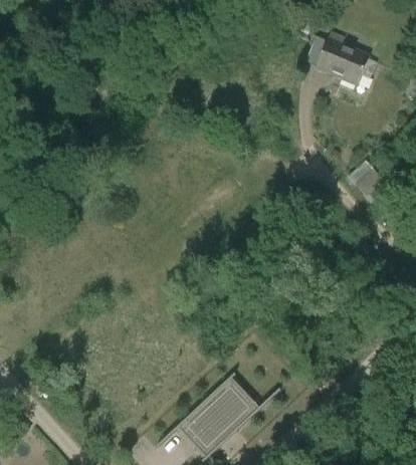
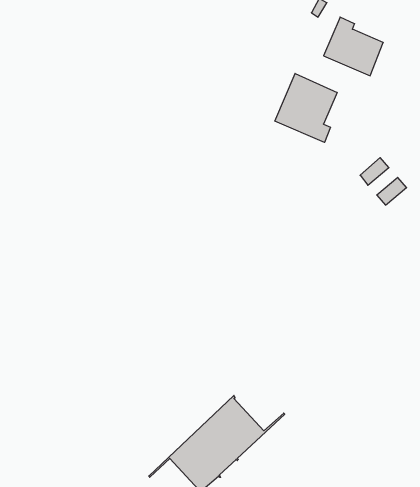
building: none -> [275,73,337,142]

